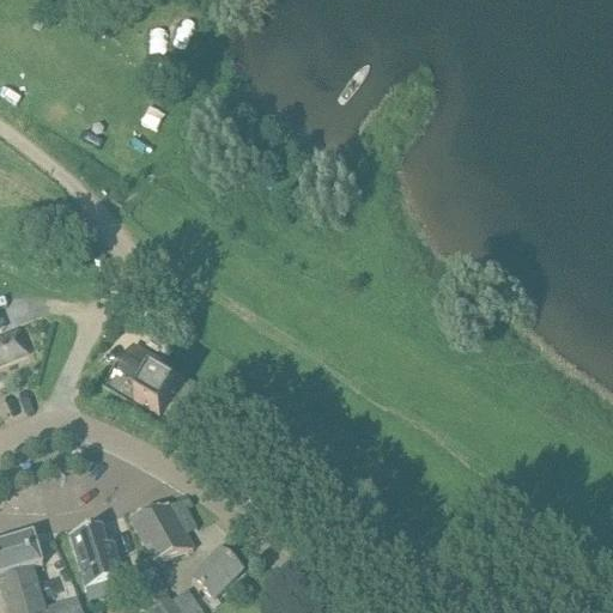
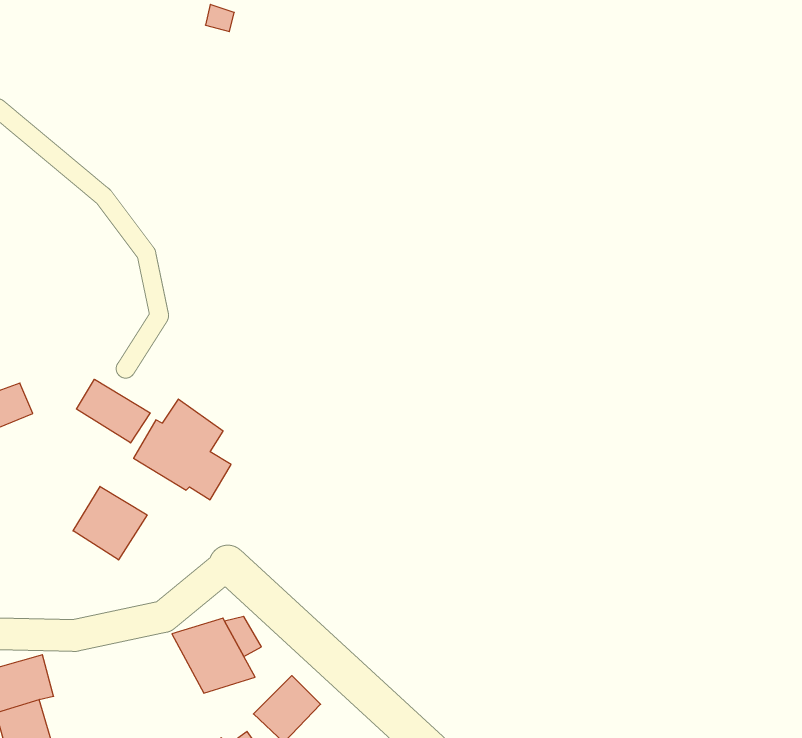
building: none -> [76,379,150,443]
building: none -> [73,486,147,560]
building: [68,523,125,585] -> none

